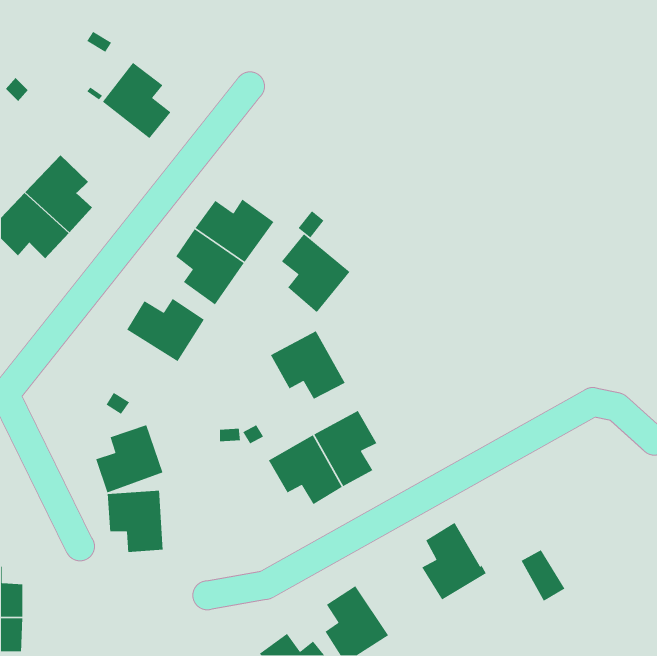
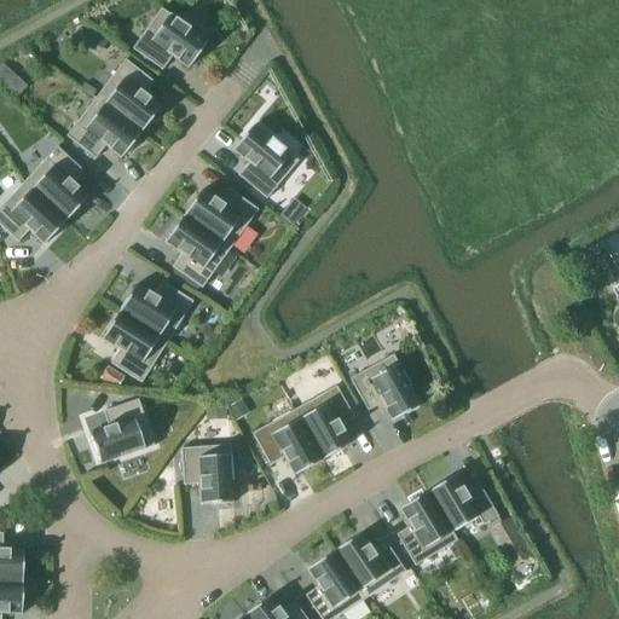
building: none -> [133,6,208,68]
building: none -> [66,96,141,156]
building: [281,233,350,313] -> [233,122,299,197]
building: none -> [103,310,168,381]
building: [270,330,346,400] -> [351,353,422,418]
building: [107,490,164,553] -> [181,442,235,502]
building: none -> [428,473,498,531]
building: none -> [335,531,406,596]

